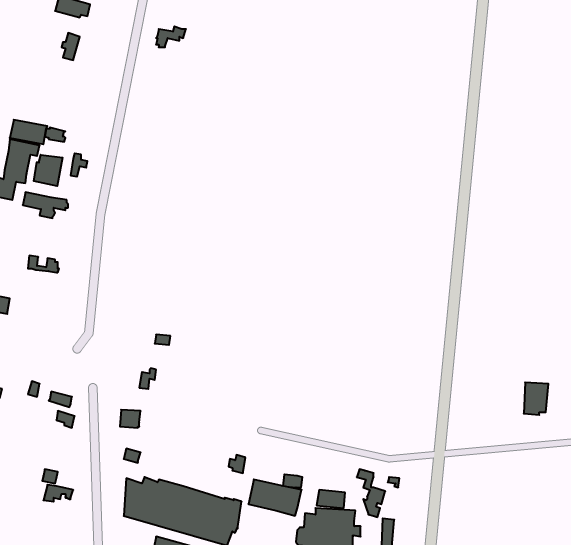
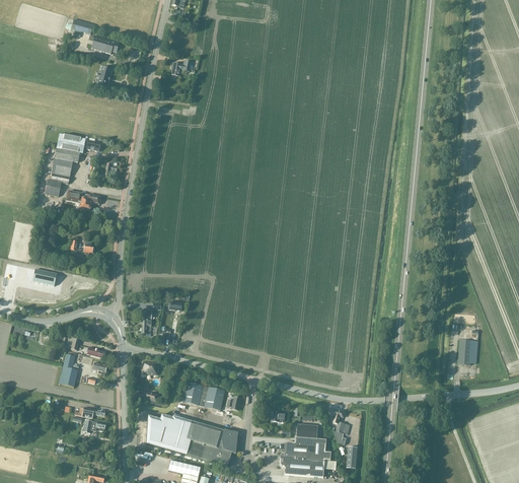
building: [34,155,63,186] -> none
building: none -> [59,353,78,387]
building: [248,479,302,516] -> [182,382,224,410]

